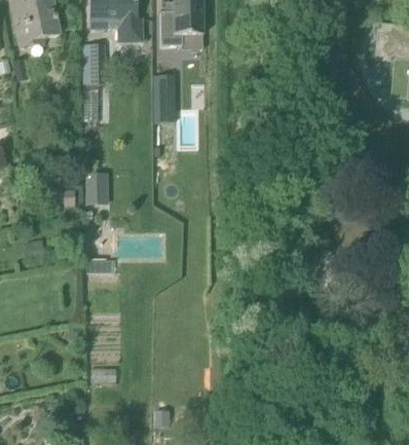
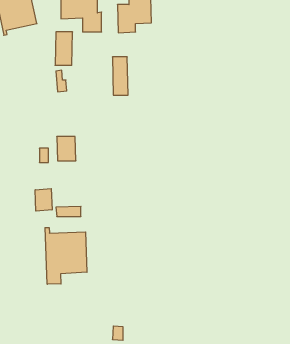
building: none -> [35,189,52,211]
building: none -> [45,228,87,284]

